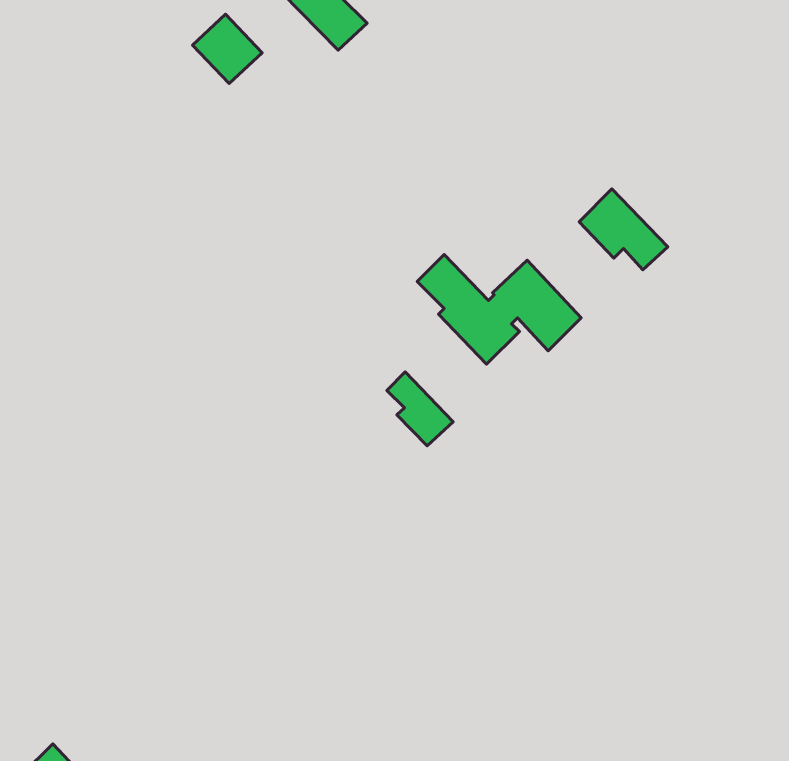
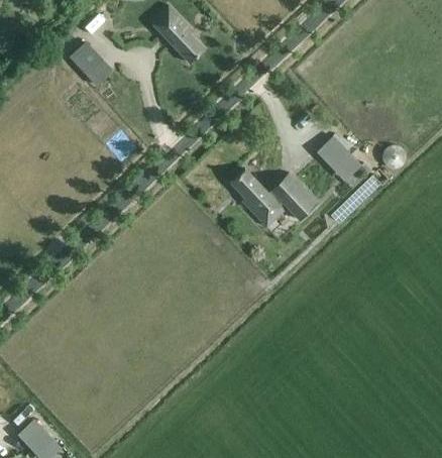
building: [193,14,262,84] -> [70,41,106,78]
building: [387,372,453,446] -> none

